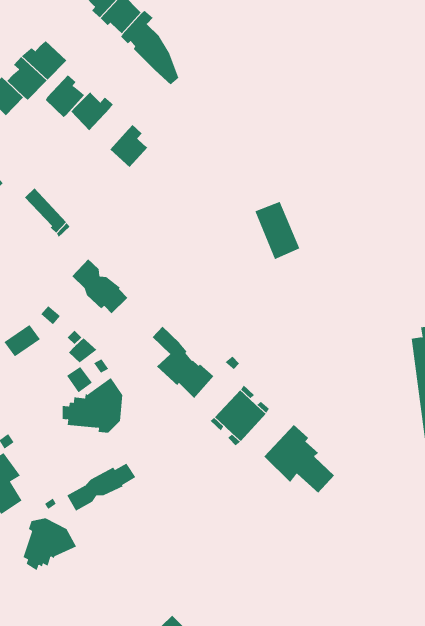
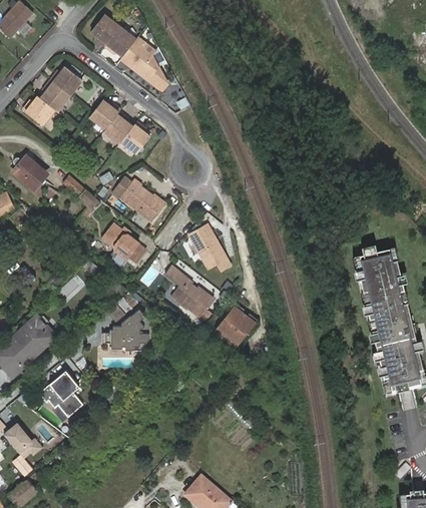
building: [45,74,85,118] -> [104,111,133,143]
building: [255,201,300,260] -> [190,225,227,269]
building: none -> [120,181,164,222]
building: [264,424,335,493] -> none
building: [66,463,136,511] -> none
building: [23,517,77,571] -> none

